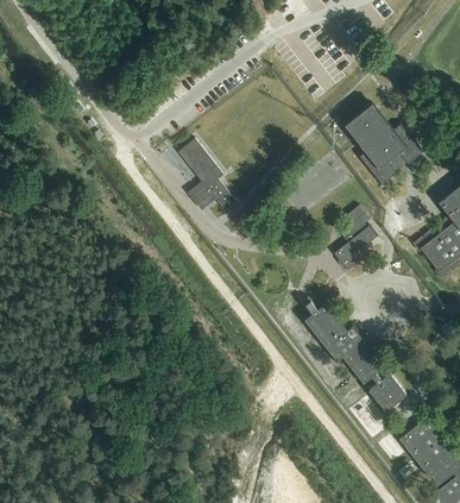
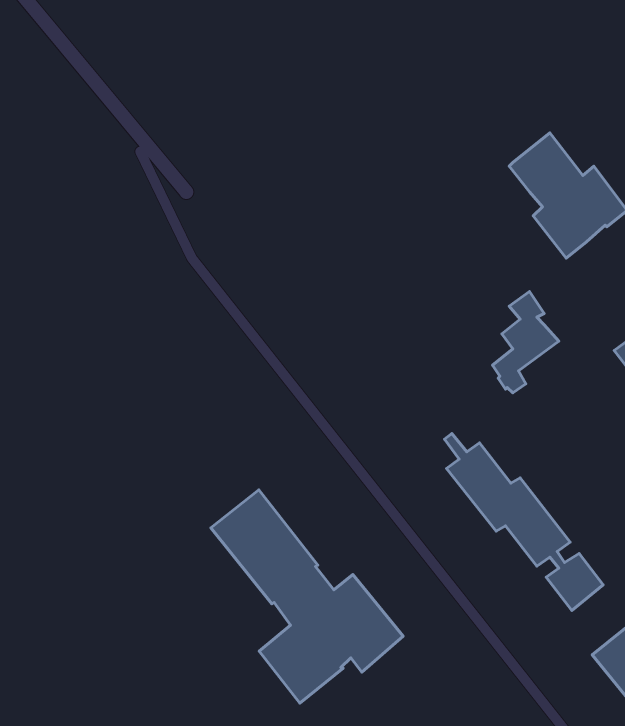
building: [178,140,235,212] -> none
building: none -> [211,490,403,703]

